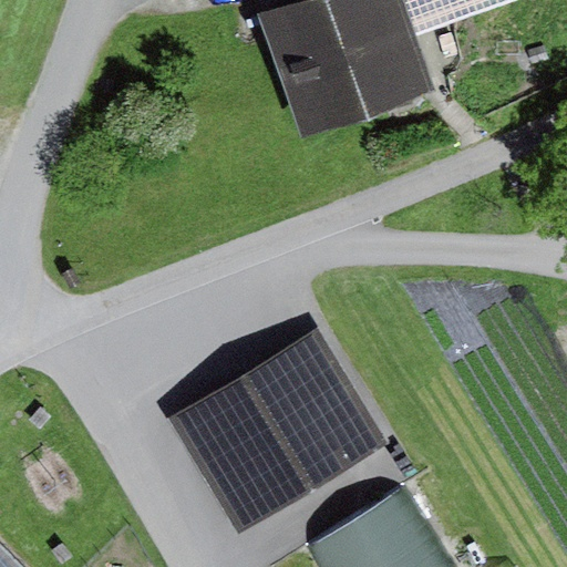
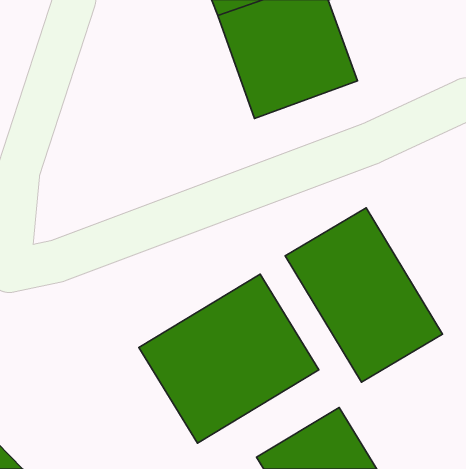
building: none -> [285,208,443,382]

